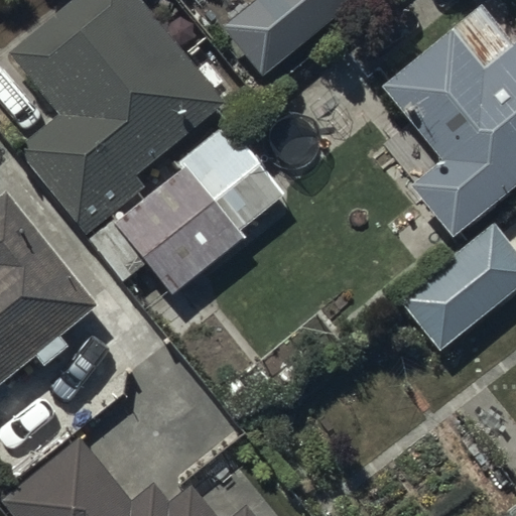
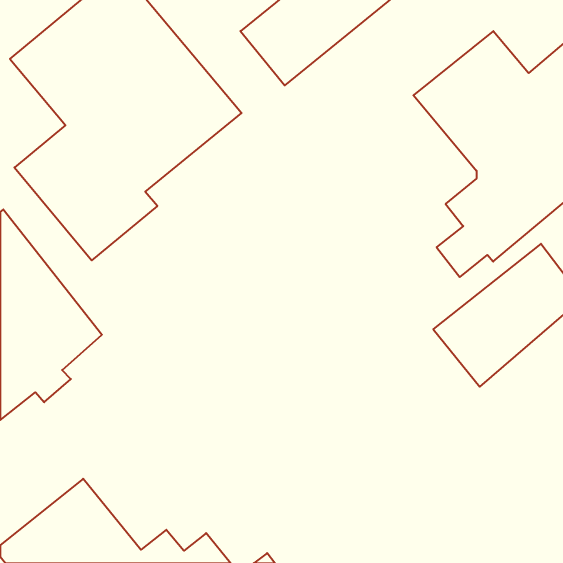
building: [88,123,285,295] -> none

